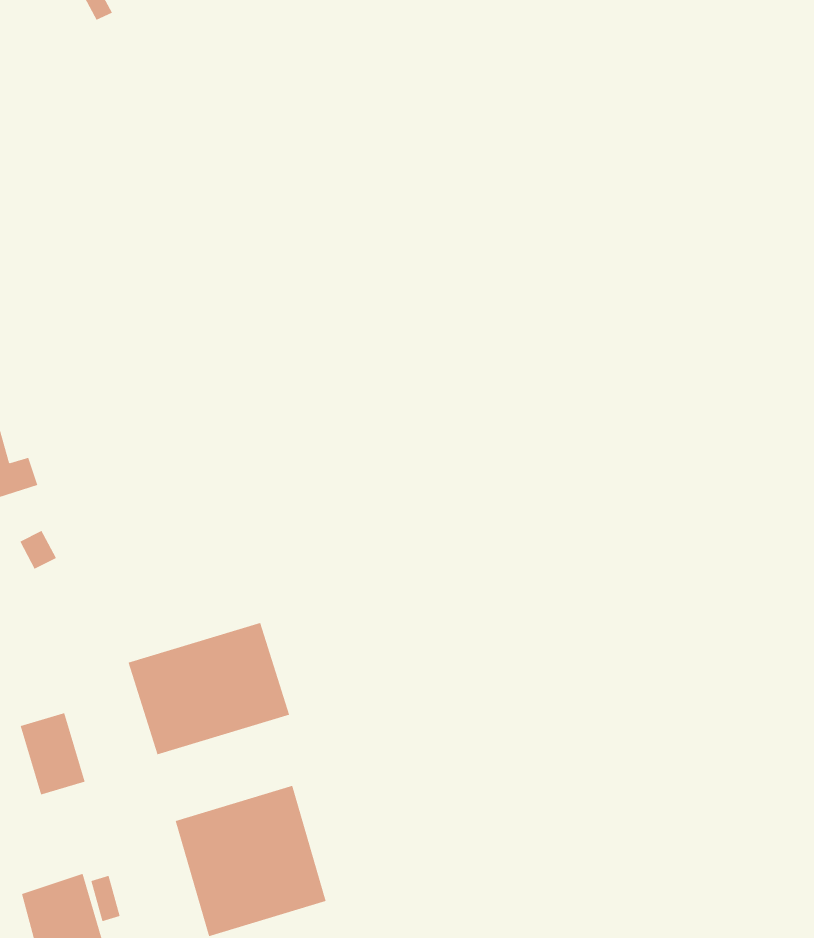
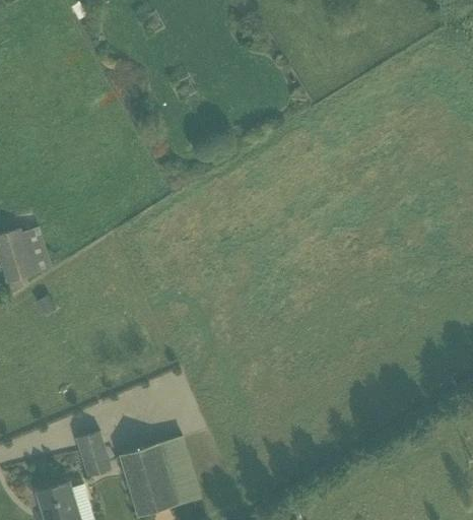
building: [128,622,290,755] -> none
building: [20,713,85,795] -> [73,434,109,478]

